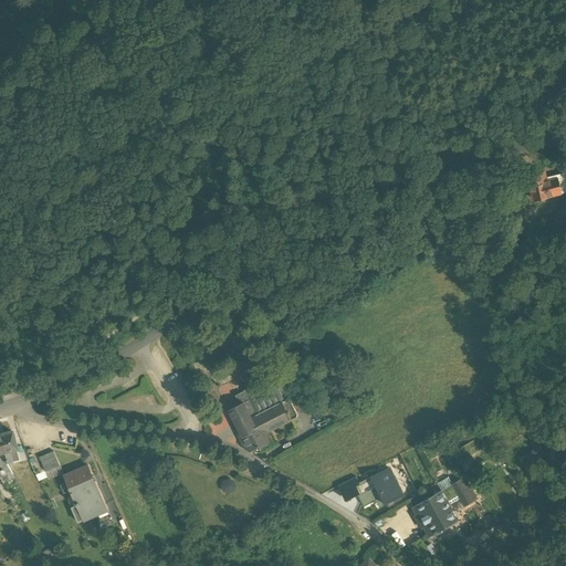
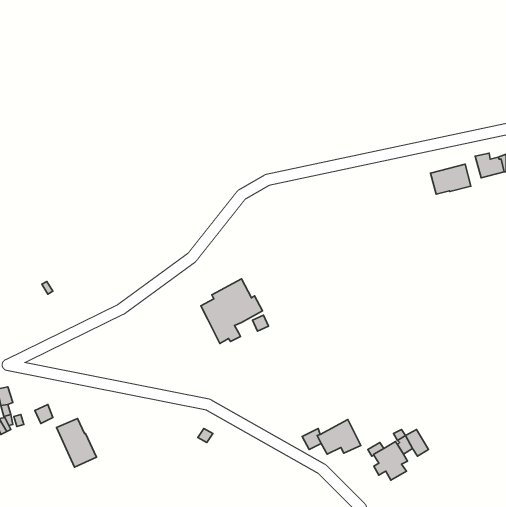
building: none -> [430,164,471,194]
building: [227,382,295,454] -> [201,279,262,344]

